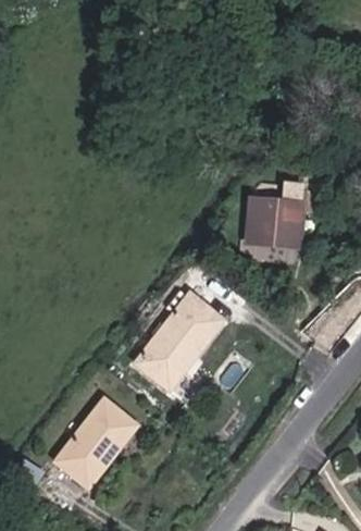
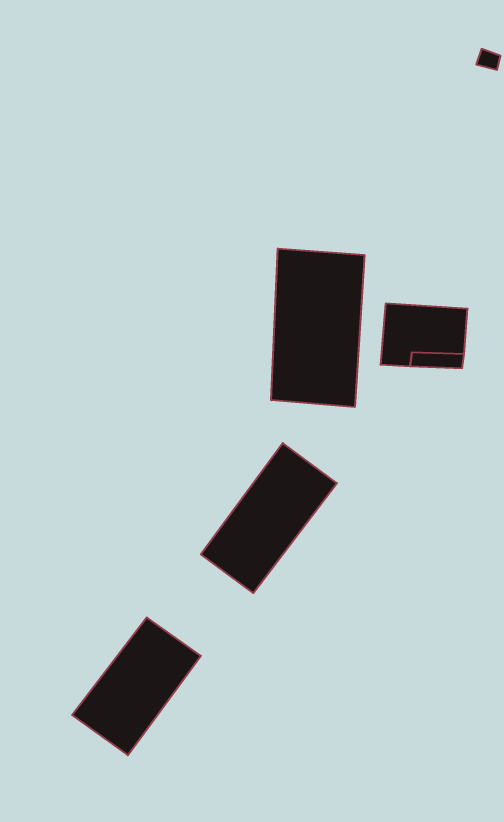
building: none -> [271,248,364,407]

